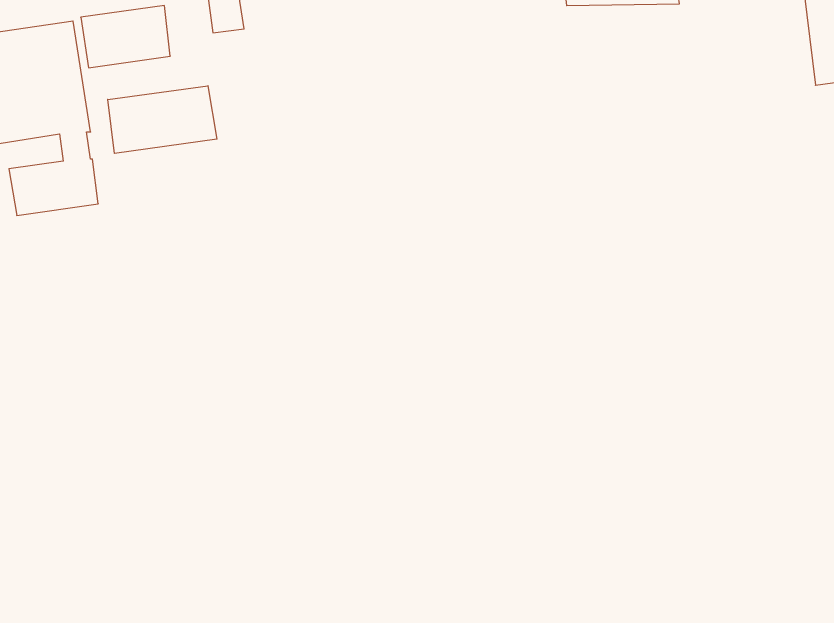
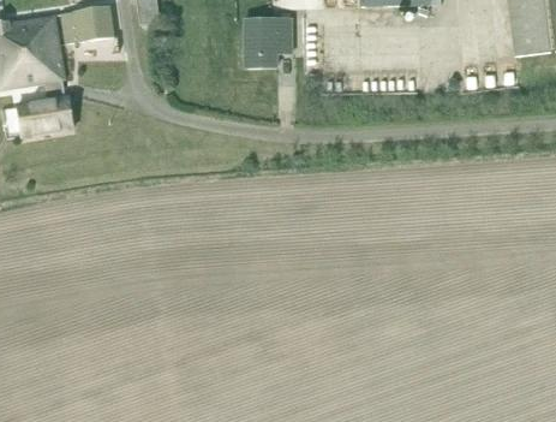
building: none -> [244,16,294,66]
building: [108,86,217,153] -> none

